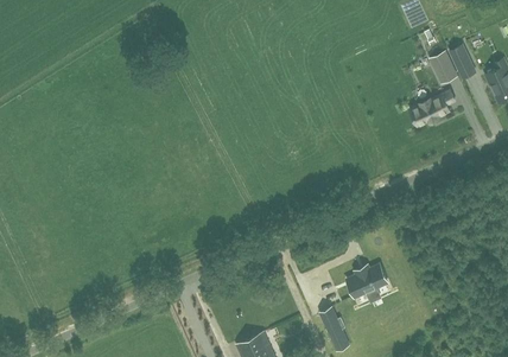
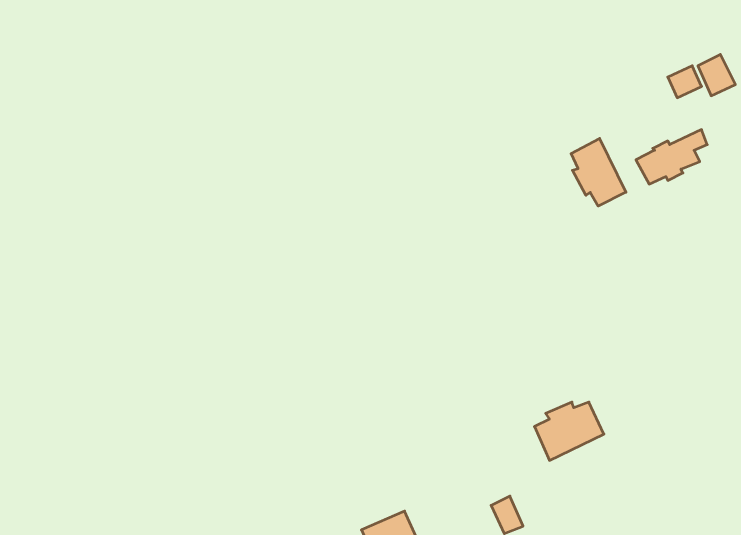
building: none -> [571,138,626,206]

